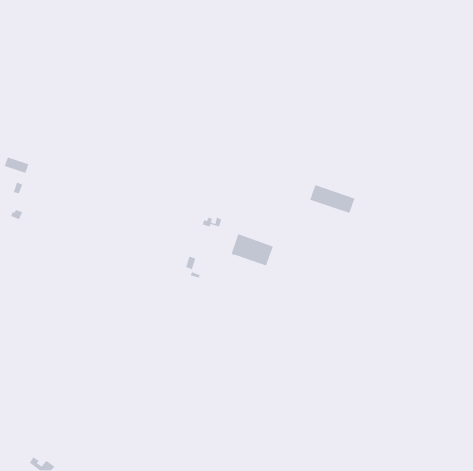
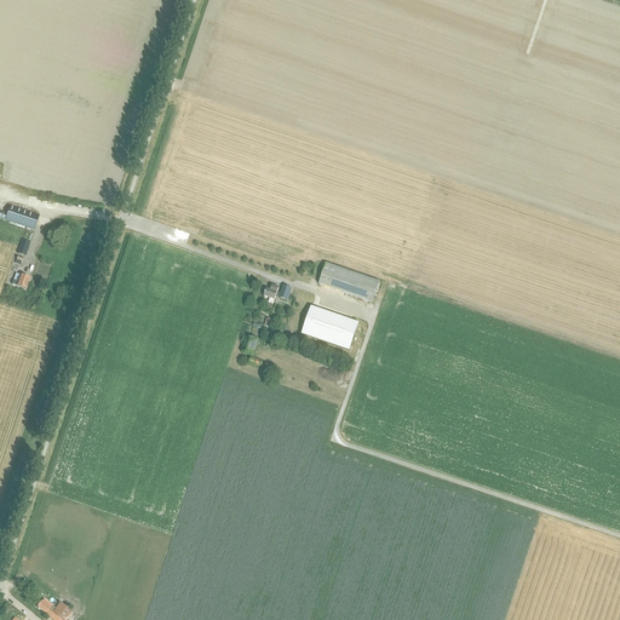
building: [309,184,355,214] -> [318,262,379,300]

